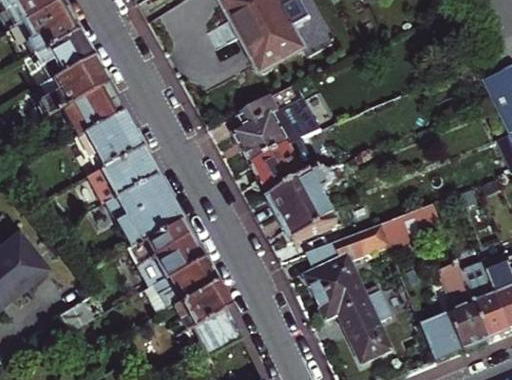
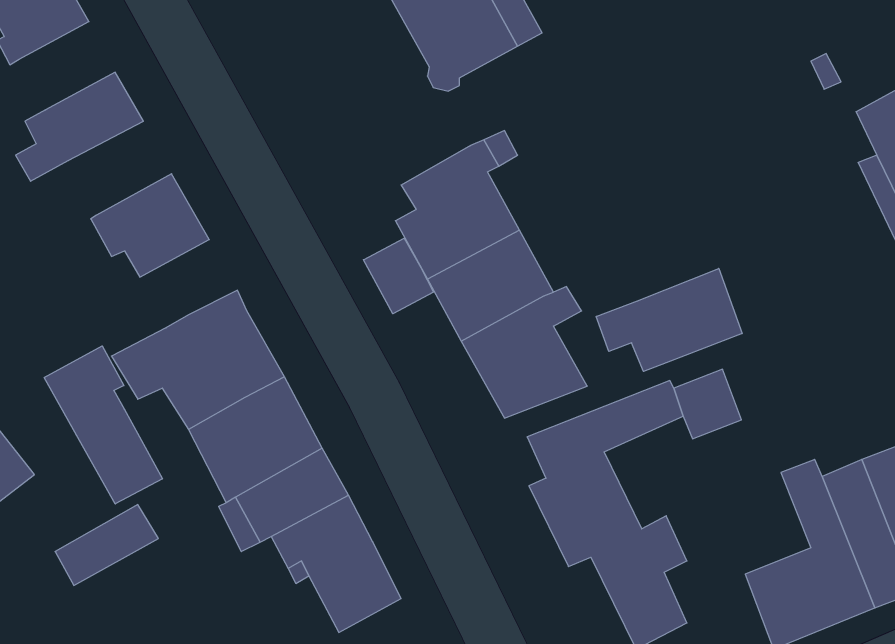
building: [37,28,88,75] -> none
building: [63,81,118,131] -> none
building: none -> [363,238,433,314]
building: [101,144,153,191] -> none
building: none -> [596,268,742,371]
building: none -> [44,346,162,504]

